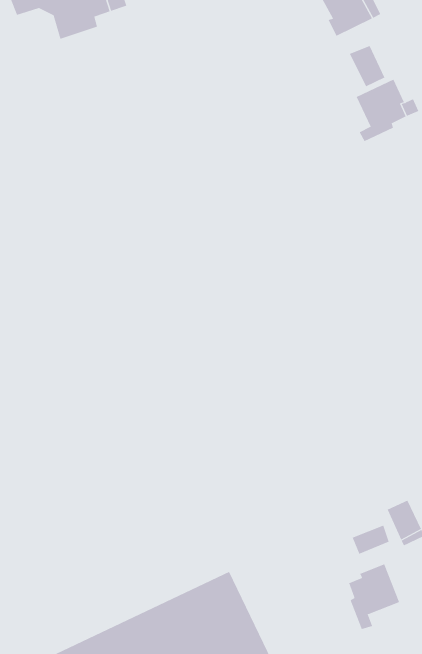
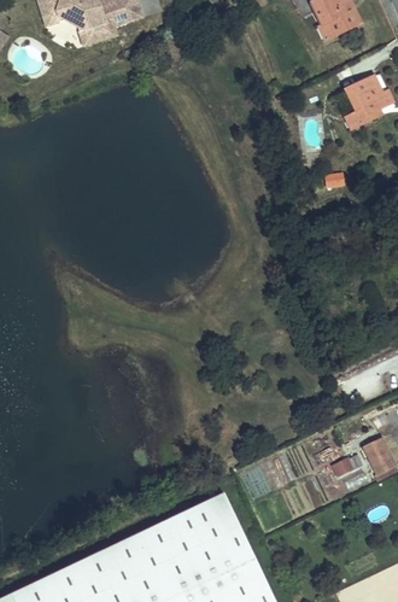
building: [349,45,385,87] -> none
building: [348,563,400,630] -> none

